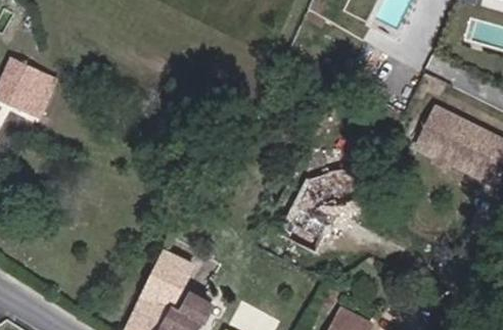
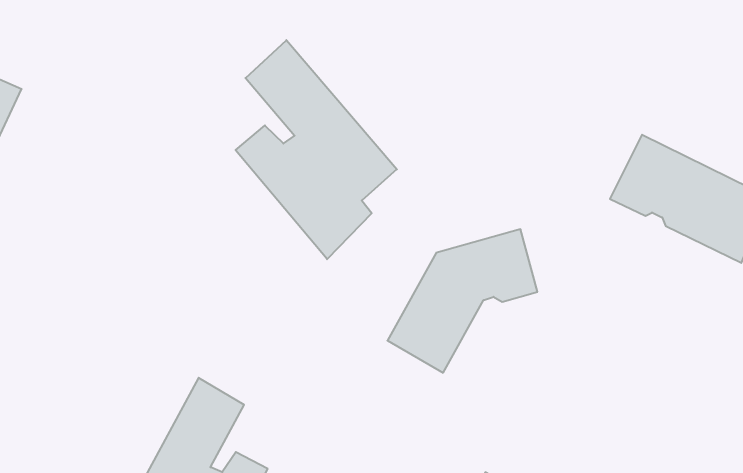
building: none -> [236,40,397,259]

